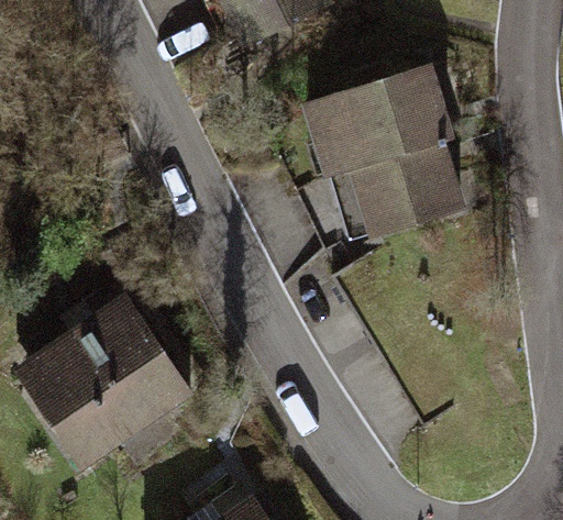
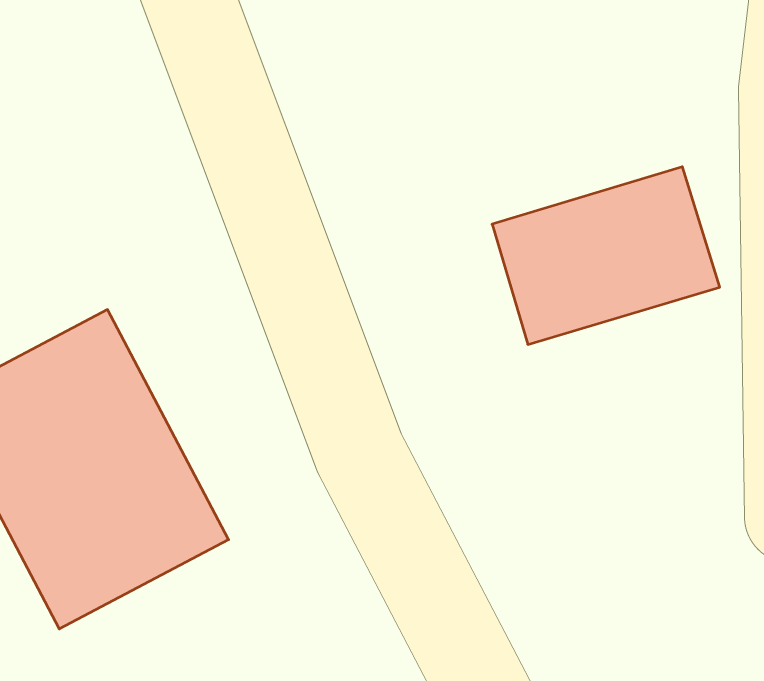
building: [313,56,457,168] -> none

